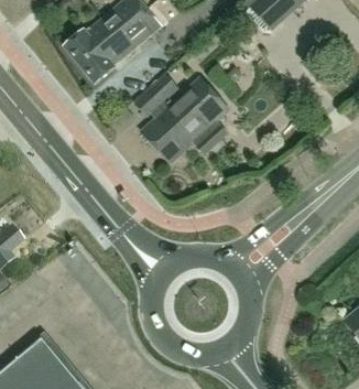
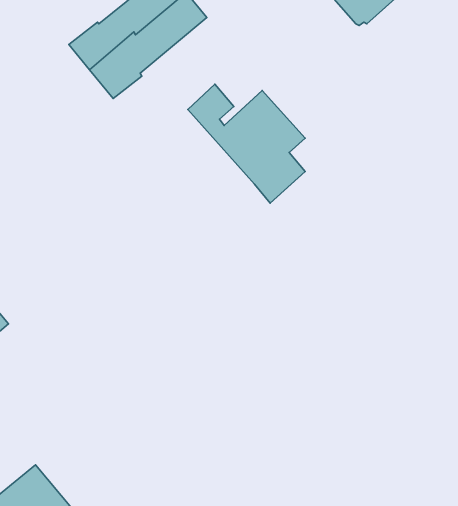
building: [133,91,193,165] -> none

